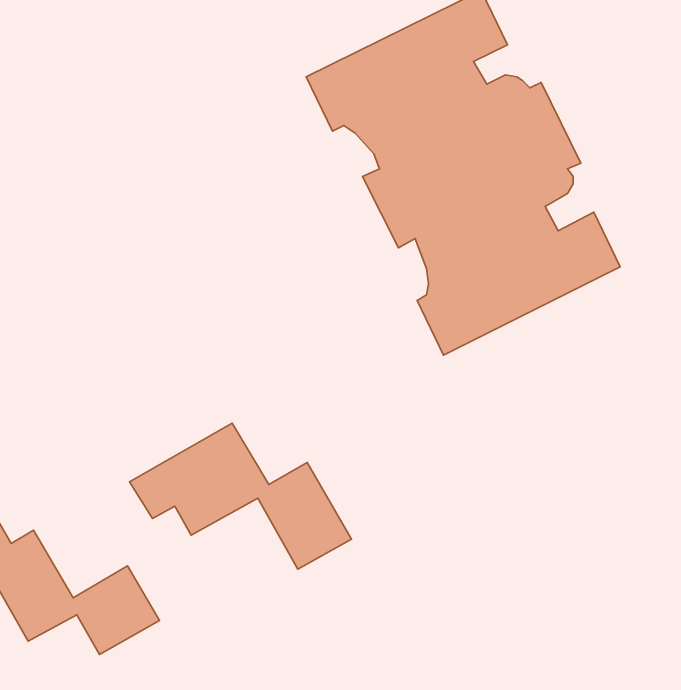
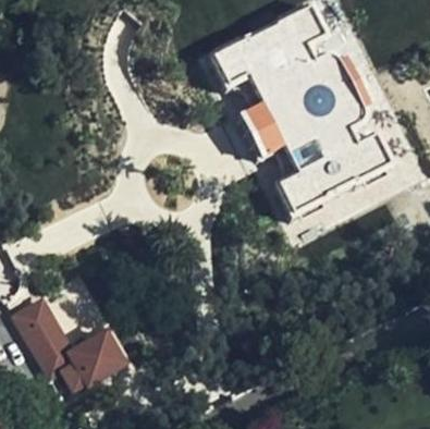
building: [130,423,352,569] -> none

